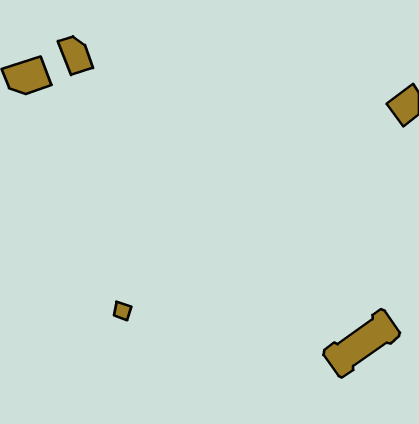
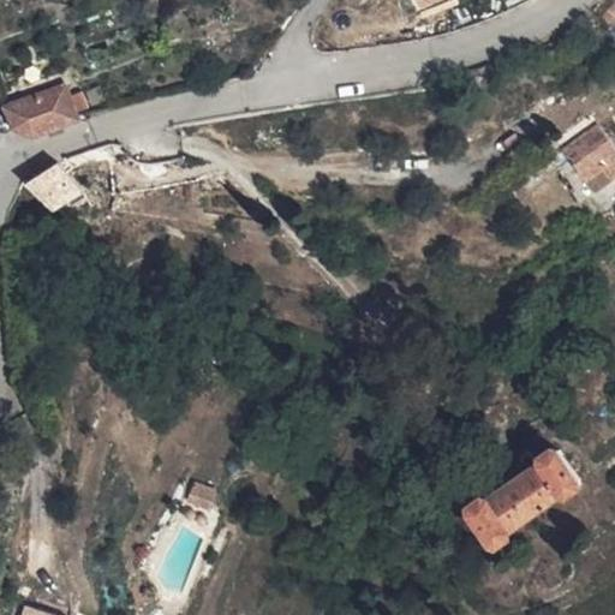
building: [58,36,93,75] -> none
building: none -> [24,165,89,215]

